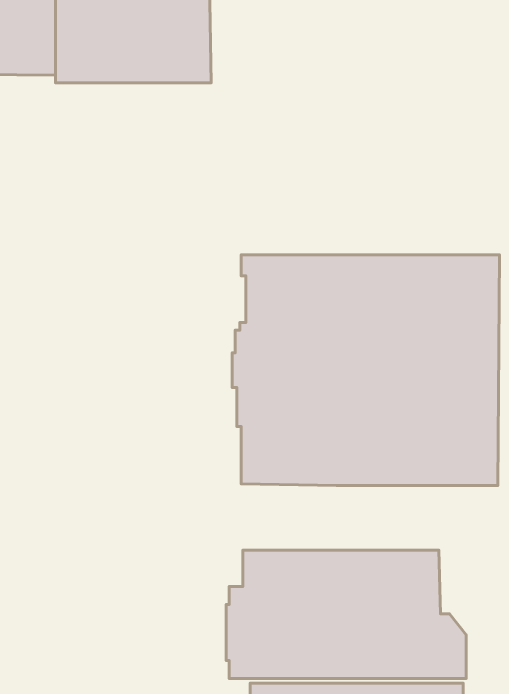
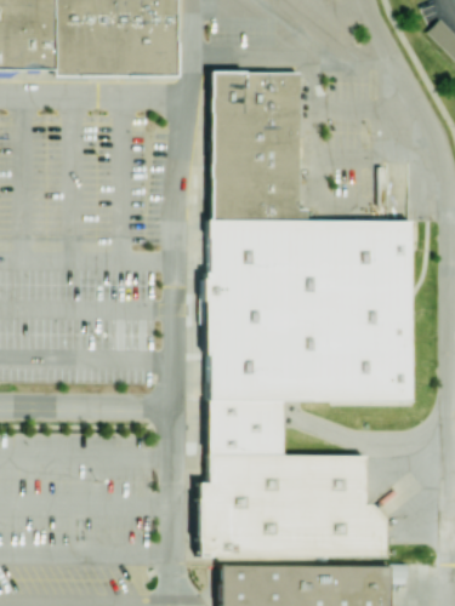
building: none -> [211,69,308,219]
building: none -> [207,404,284,457]

